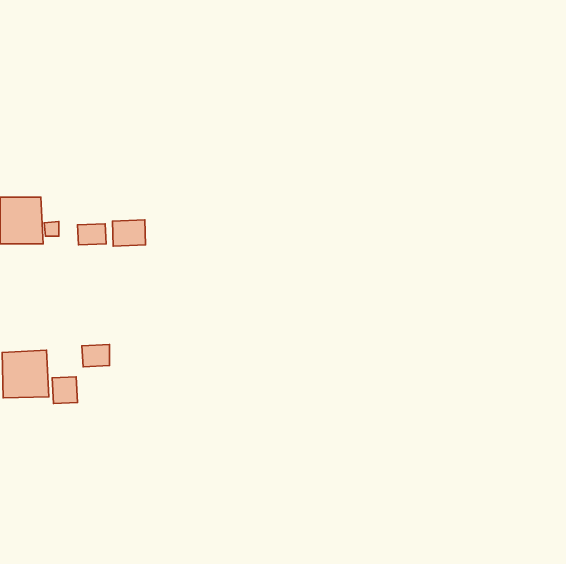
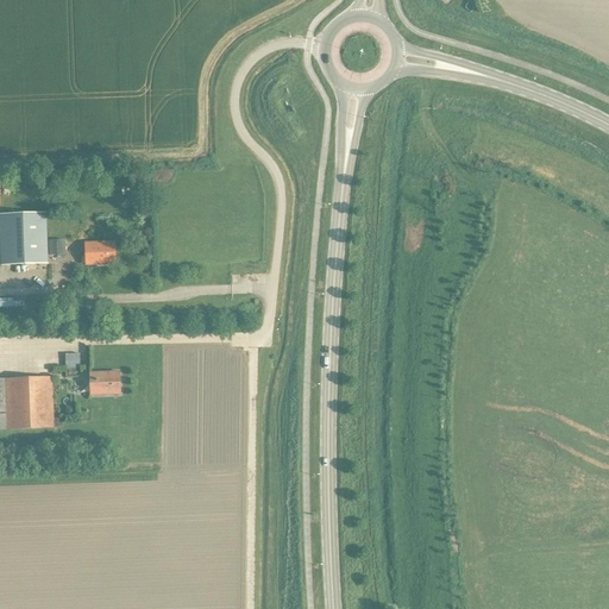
building: [112,220,146,246] -> none
building: [52,377,77,403] -> none

